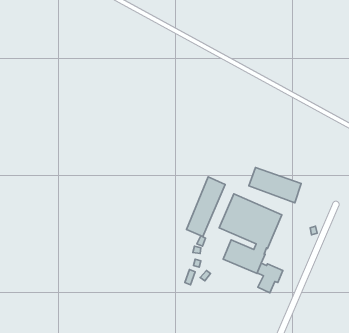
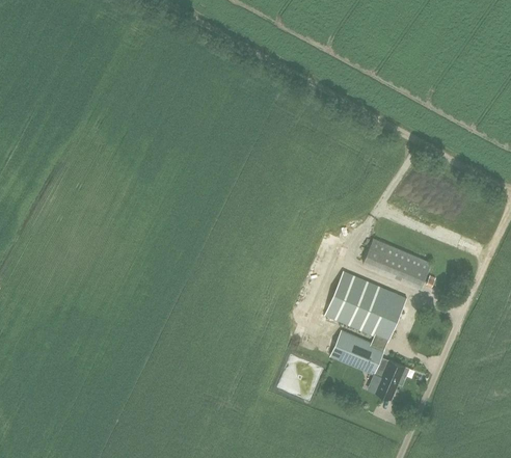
building: [186,177,225,237] -> none

